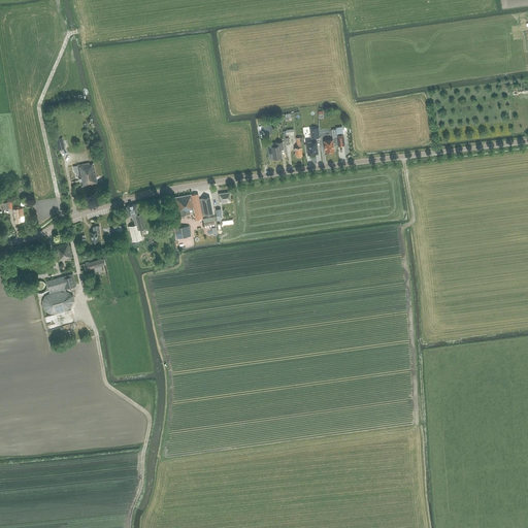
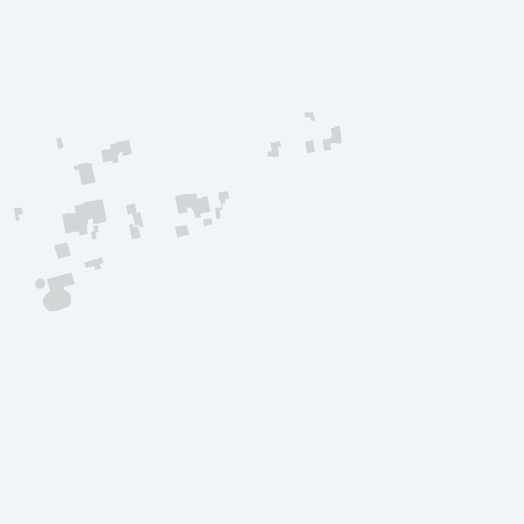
building: none -> [101,139,133,164]
building: none -> [62,199,107,237]

